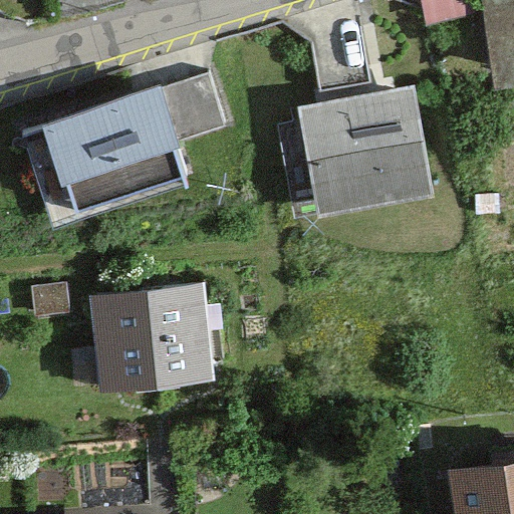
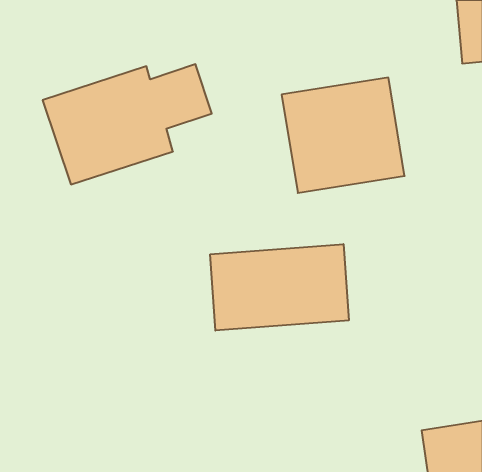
building: none -> [210,244,349,331]
building: [95,285,208,388] -> none

